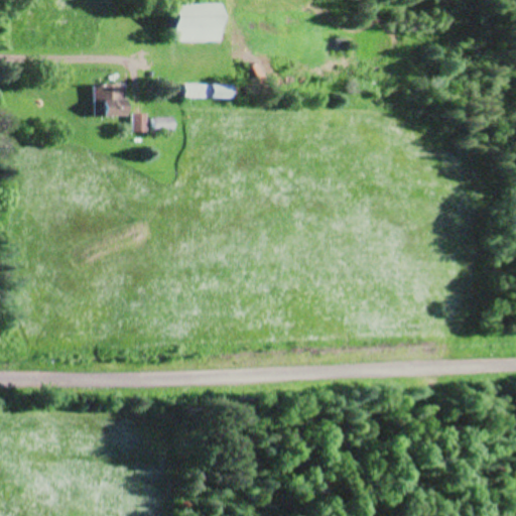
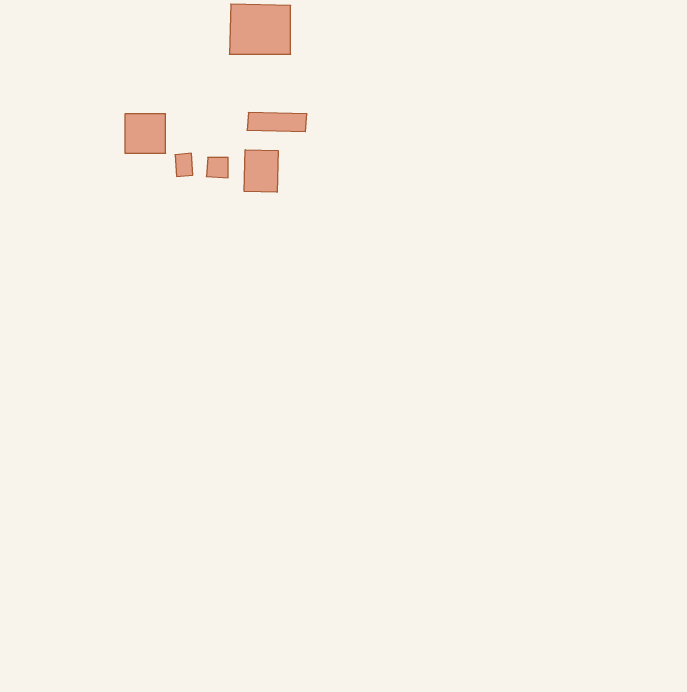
building: none -> [244,150,278,192]

